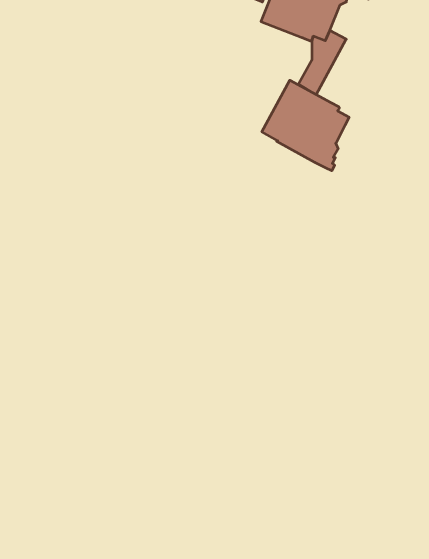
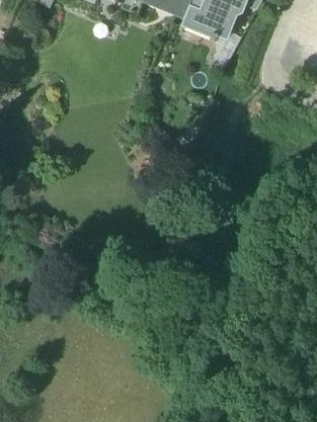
building: [262,80,349,171] -> none

